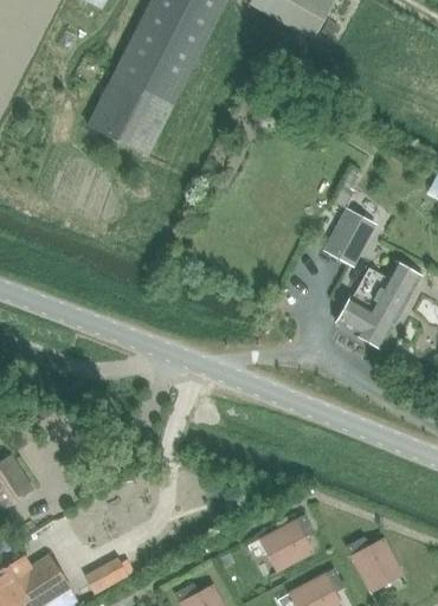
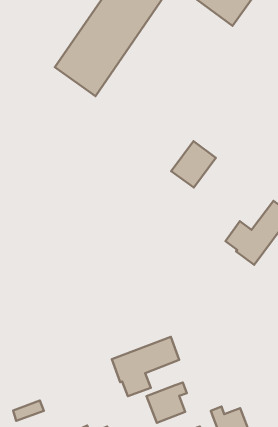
building: [323,207,379,267] -> [171,141,216,188]
building: none -> [112,337,179,396]

